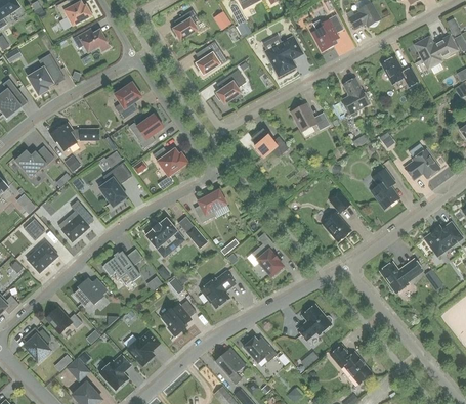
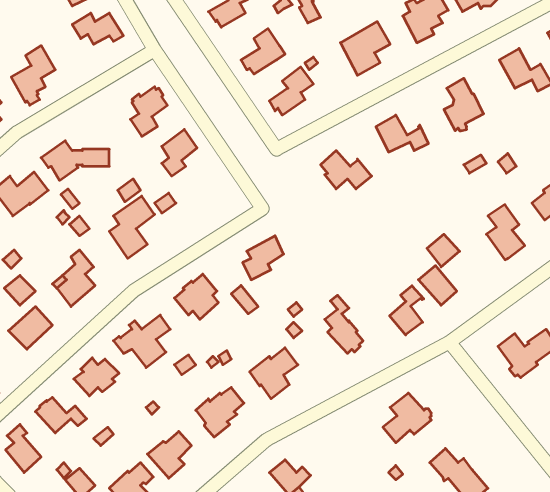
building: [154,146,187,176] -> none
building: none -> [390,286,424,335]
building: [244,336,278,362] -> none

